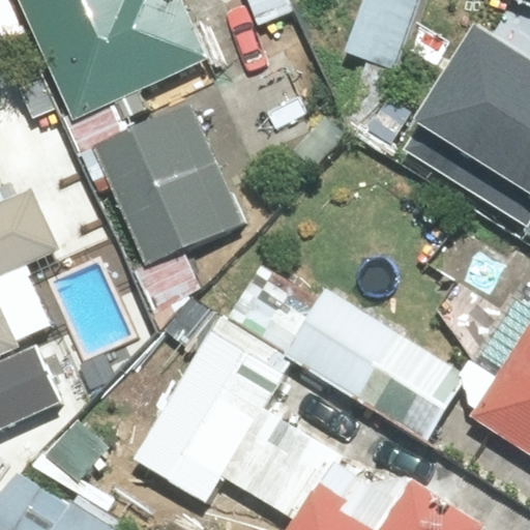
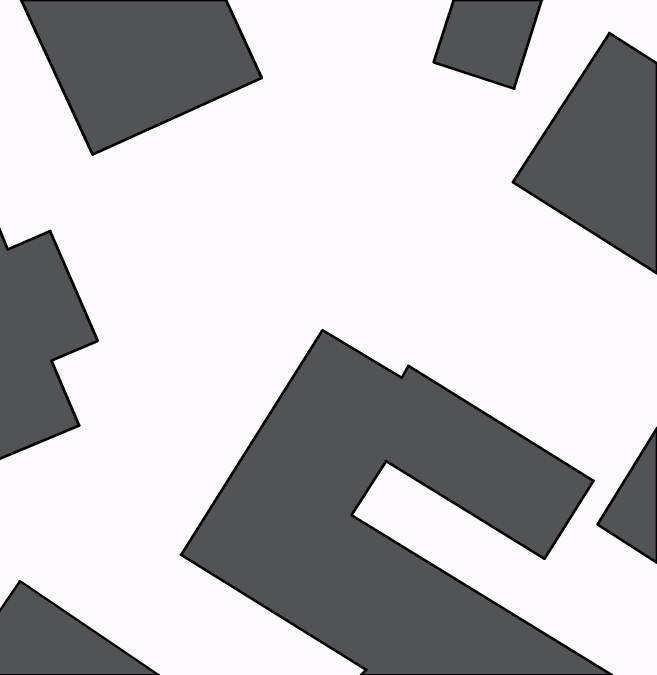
building: [73,100,245,264] -> none

